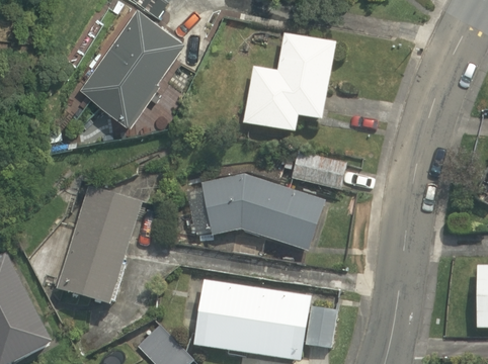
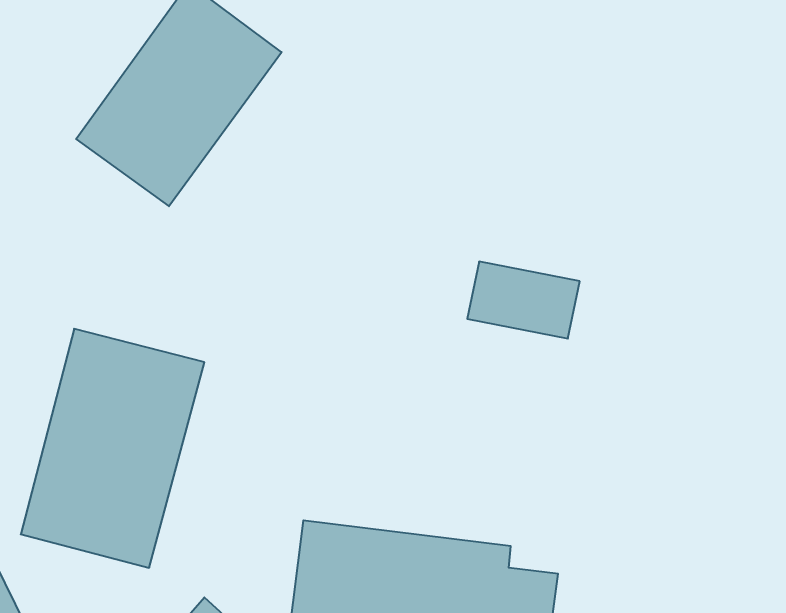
building: [236,33,336,131] -> none
building: [194,172,319,249] -> none

